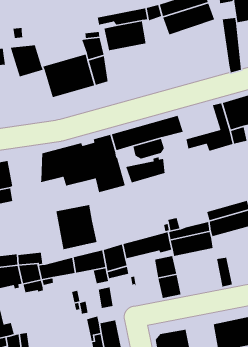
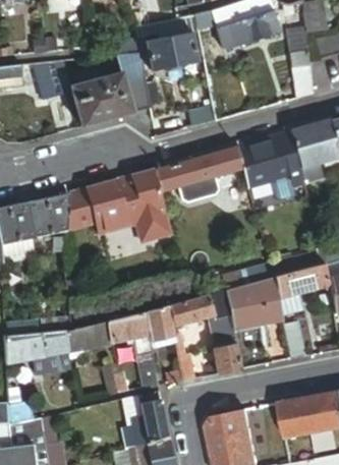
building: none -> [236,135,287,177]
building: none -> [27,194,68,236]
building: [125,156,166,183] -> none
building: [55,204,97,250] -> none

